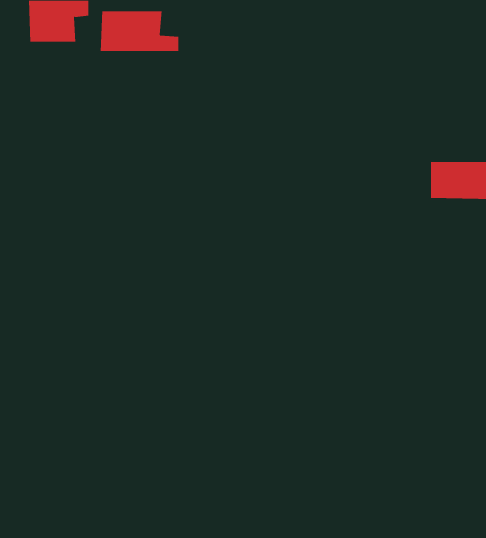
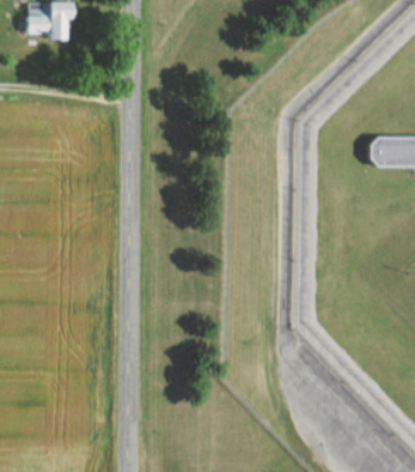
building: [100,10,179,52] -> none

